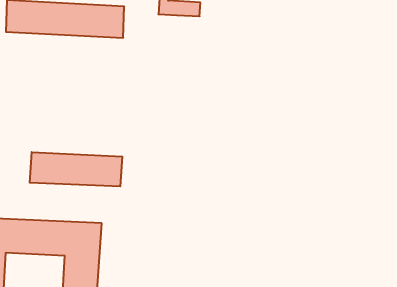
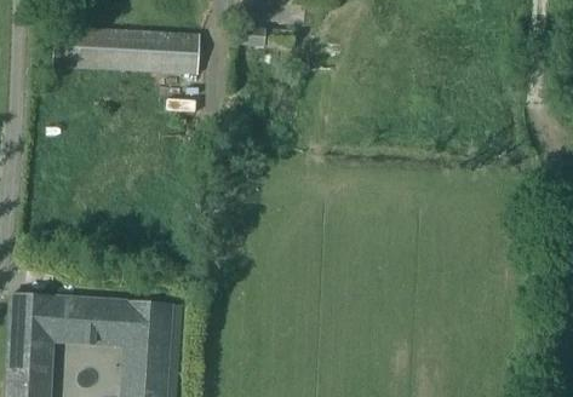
building: [30,152,122,186] -> none

